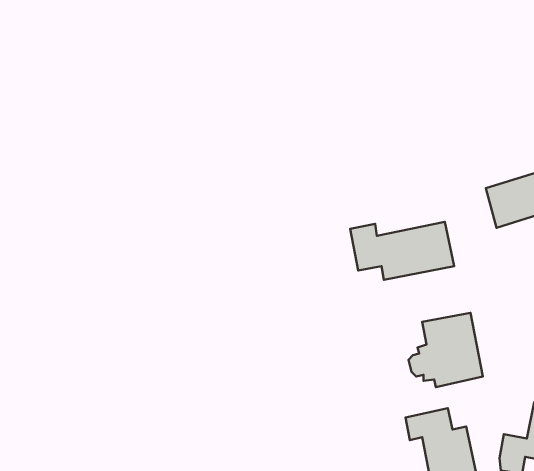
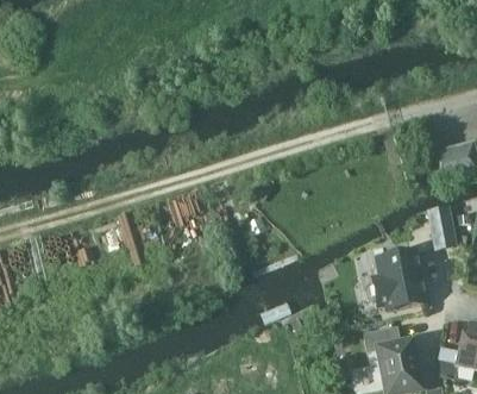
building: [350,222,454,280] -> none
building: none -> [429,206,456,246]

